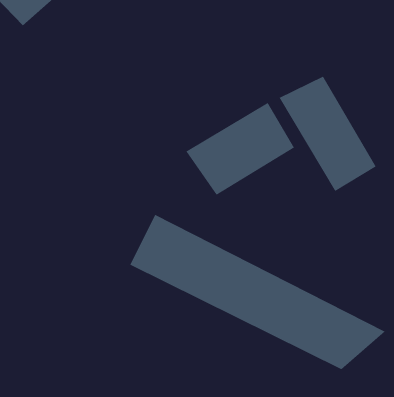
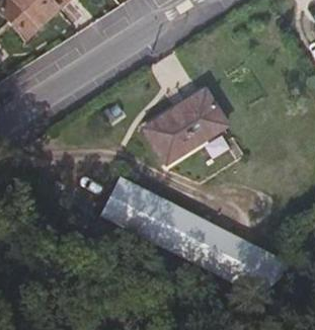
building: [279,76,376,192] -> none

